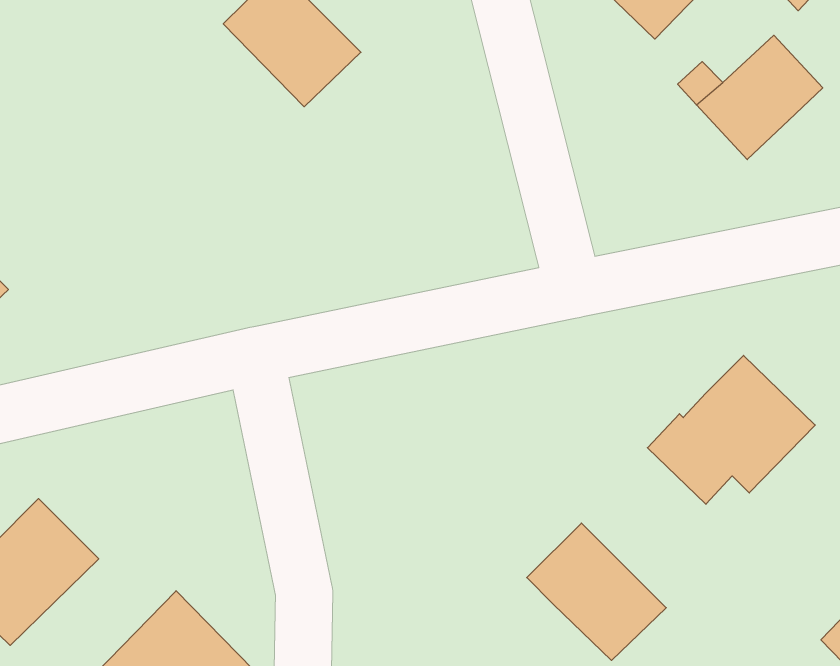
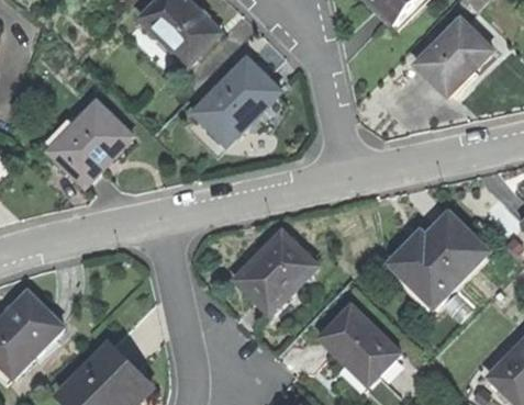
building: none -> [192,57,277,140]
building: none -> [46,99,129,181]
building: none -> [230,234,313,313]

